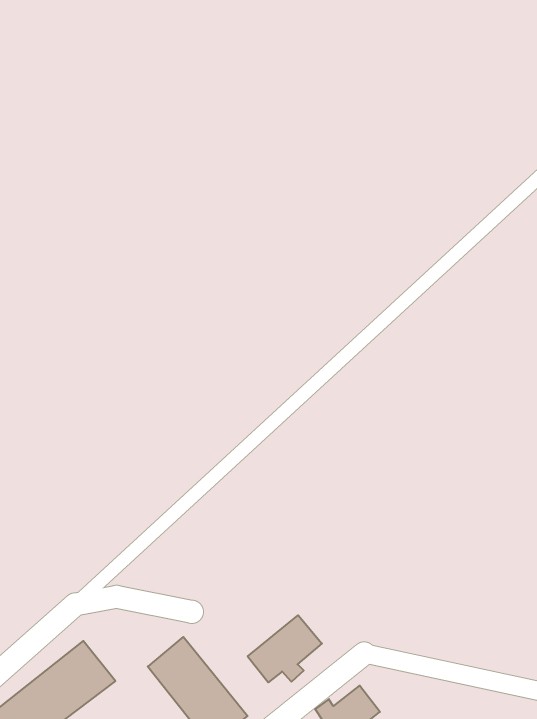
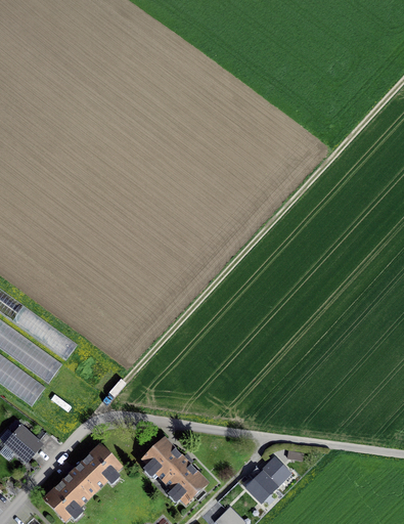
building: [248,615,322,682] -> none

